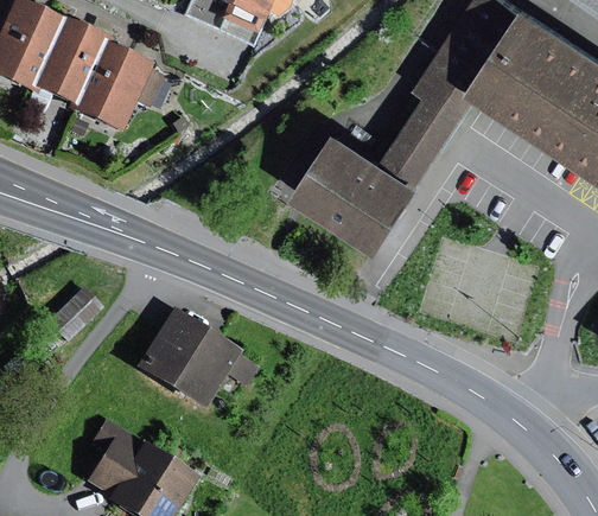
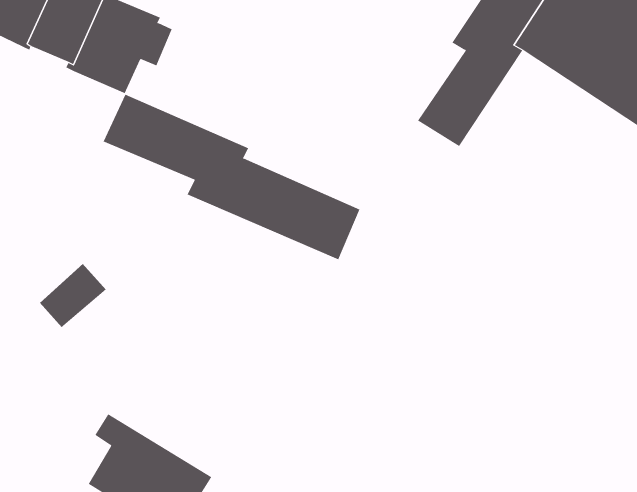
building: [294,127,424,249] -> none
building: none -> [103,94,360,260]
building: [136,308,259,408] -> none

